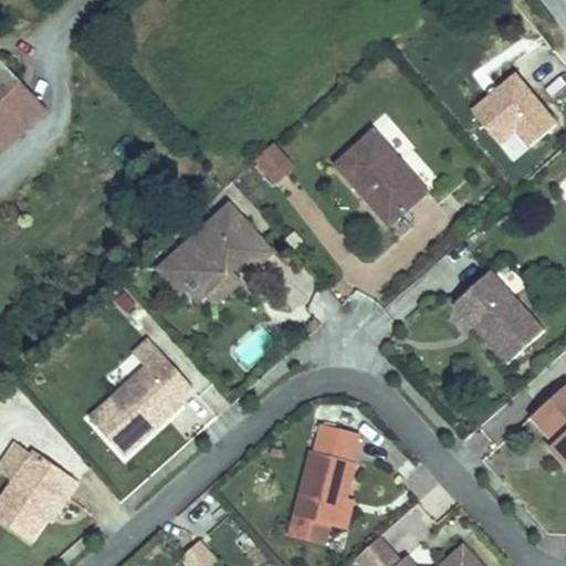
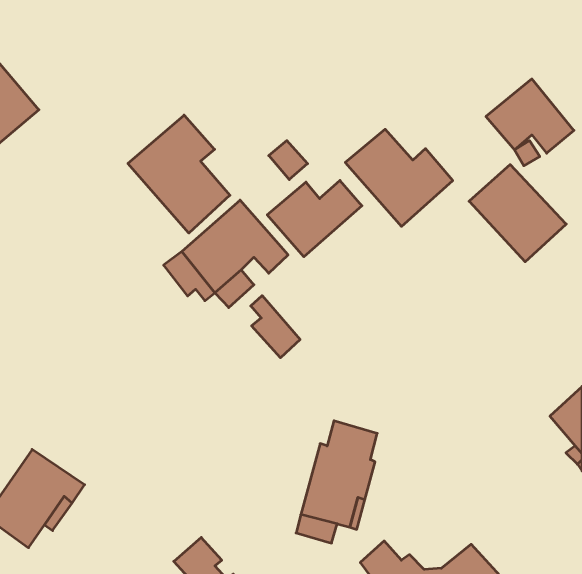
building: none -> [128,115,230,233]
building: none -> [267,180,362,257]
building: [457,269,551,363] -> [469,165,566,262]
building: none -> [251,296,300,358]
building: [83,336,192,454] -> none

